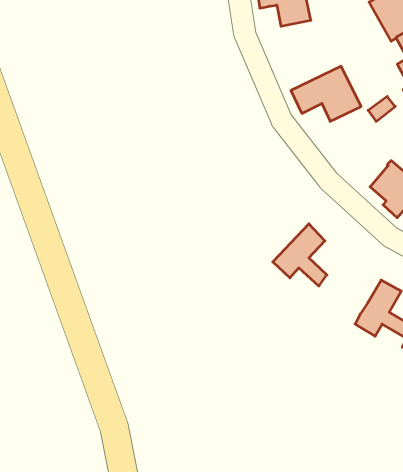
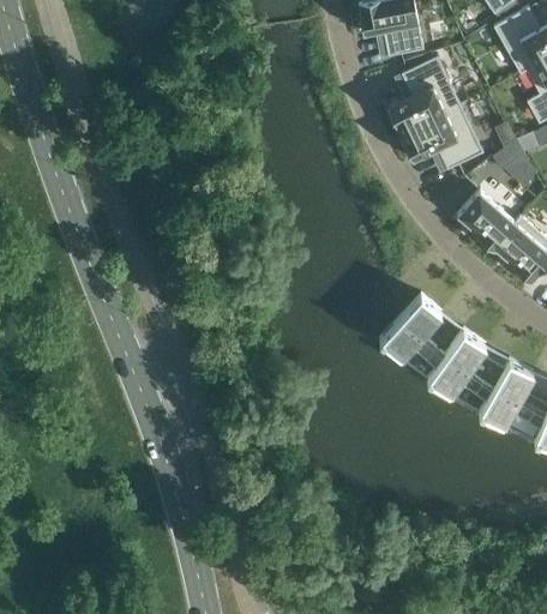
building: none -> [387,56,461,133]
building: none -> [457,189,517,253]
building: none -> [426,329,493,401]

